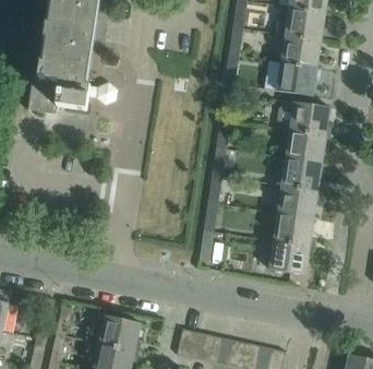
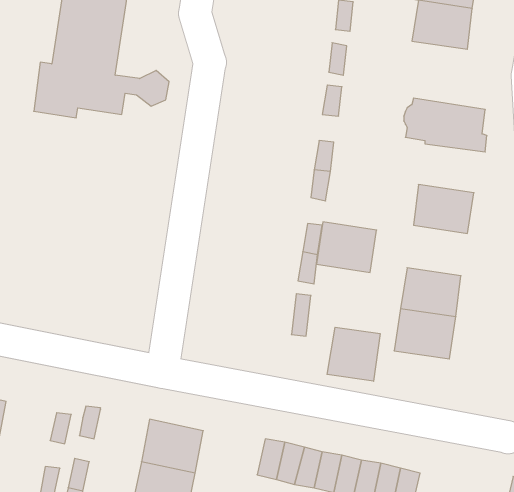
building: [276,62,317,96] -> none
building: [285,131,329,164] -> none
building: [277,186,317,219] -> [316,222,377,272]
building: none -> [327,327,380,381]

